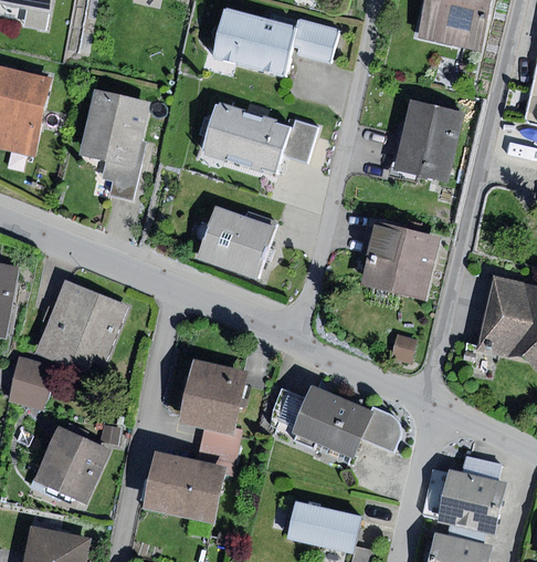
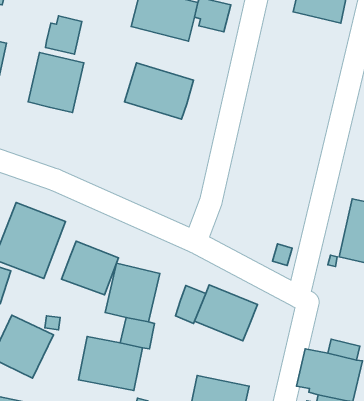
building: none -> [45,16,82,54]
building: [391,98,467,185] -> none
building: [282,118,318,163] -> none
building: [103,159,140,201] -> none
building: [198,206,275,278] -> none
building: [360,221,441,299] -> none
building: none -> [62,241,119,295]
building: [361,407,400,452] -> none

